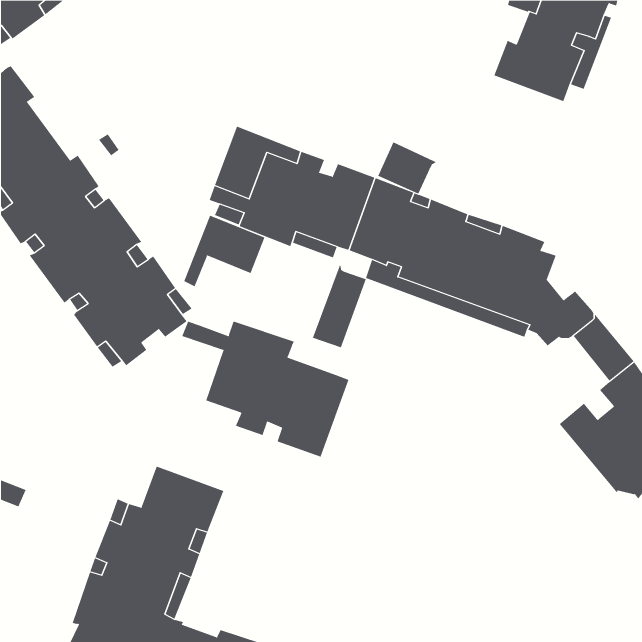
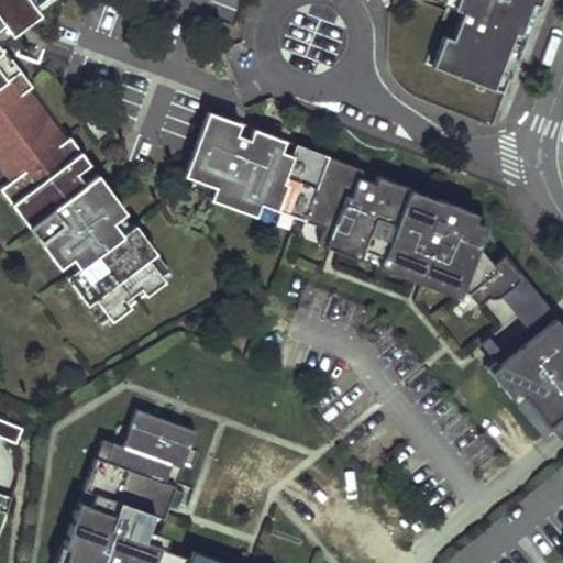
building: [377,142,439,194] -> none
building: [184,215,265,287] -> none
building: [312,260,366,348] -> none
building: [181,321,349,458] -> none

